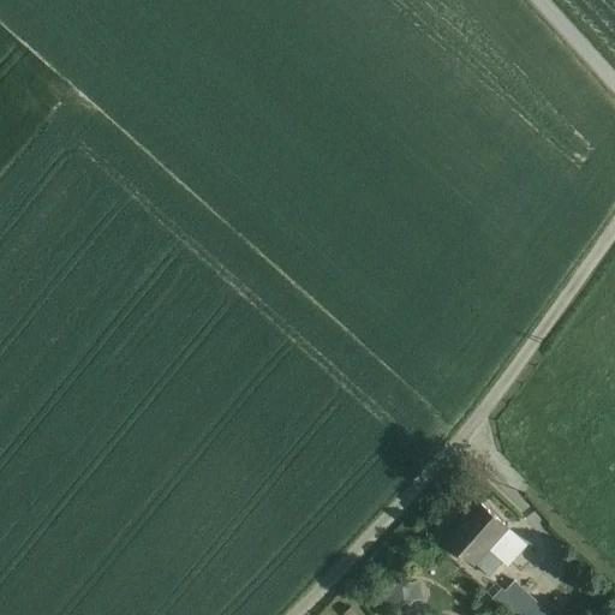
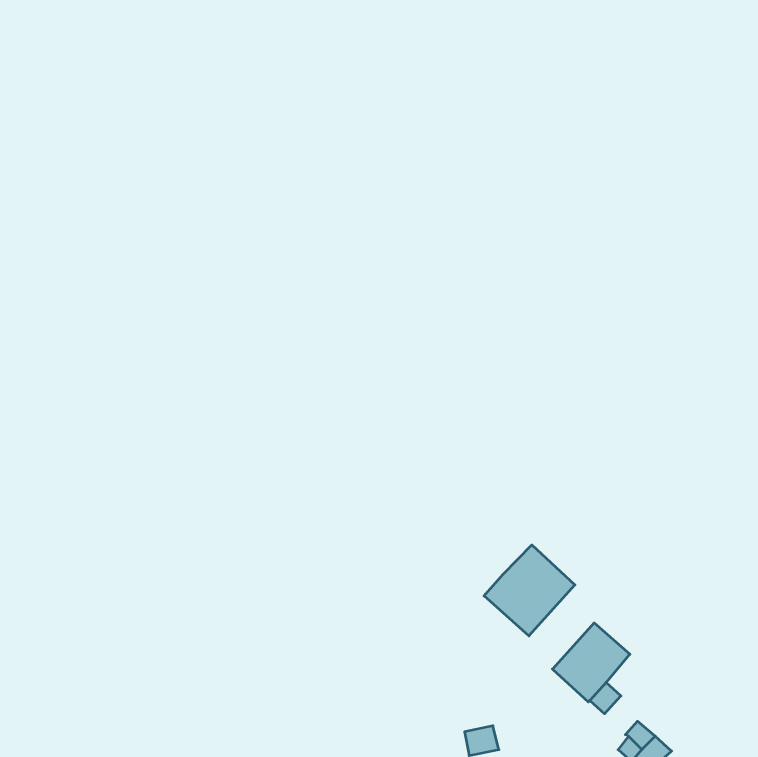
building: none -> [484,545,575,636]

